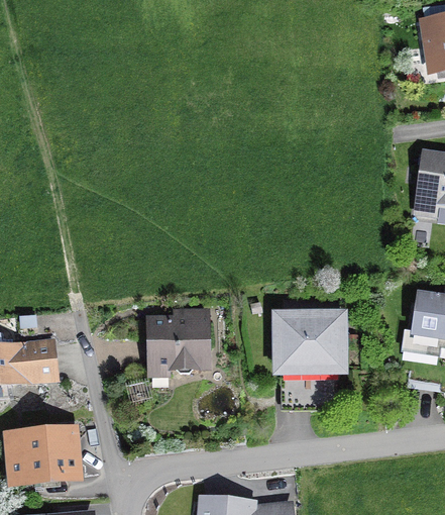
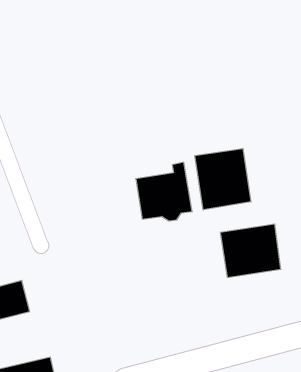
building: none -> [195,148,251,210]
building: [148,308,206,371] -> [136,162,192,221]

